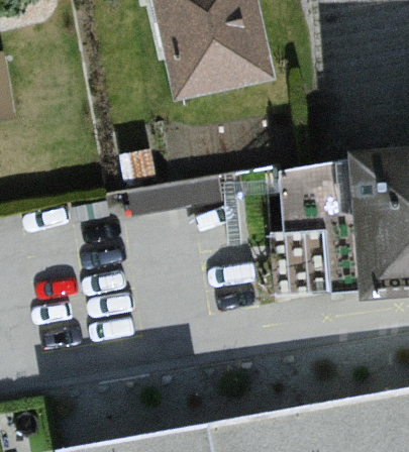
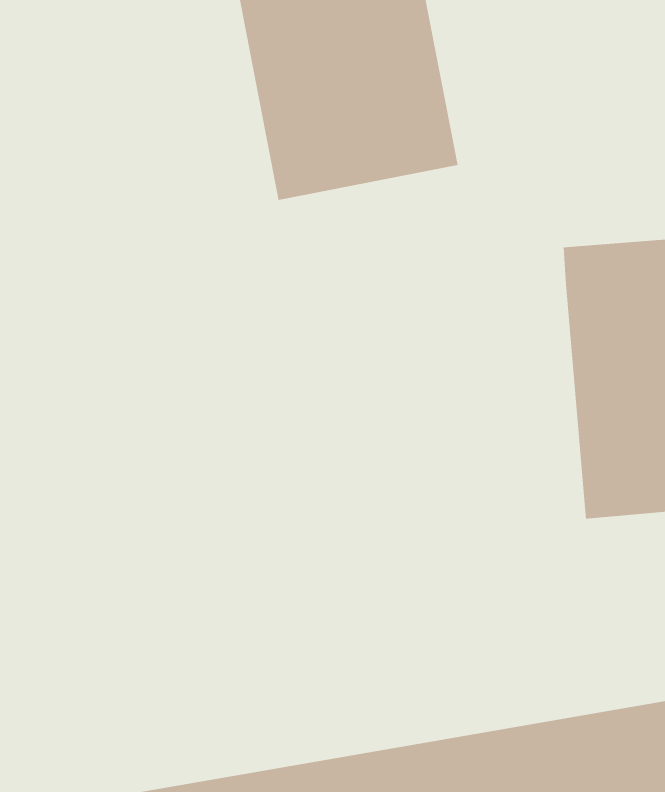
building: [271,161,347,291] -> none

